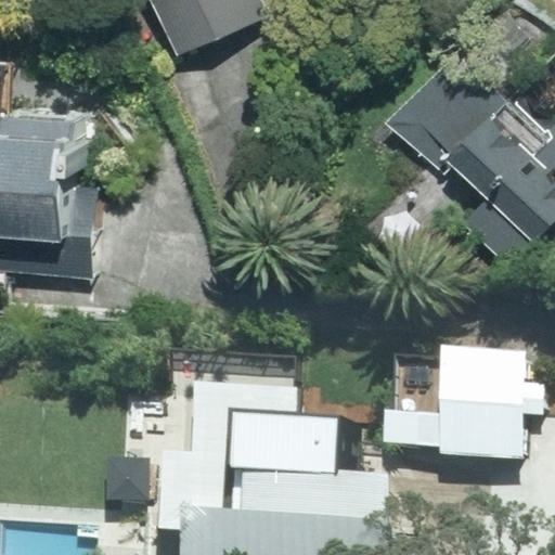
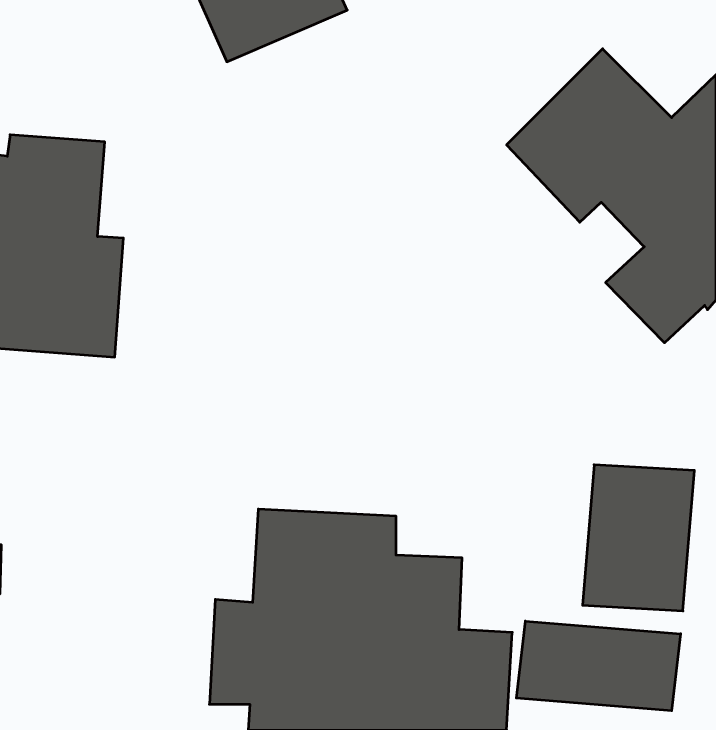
building: none -> [516,621,681,711]

